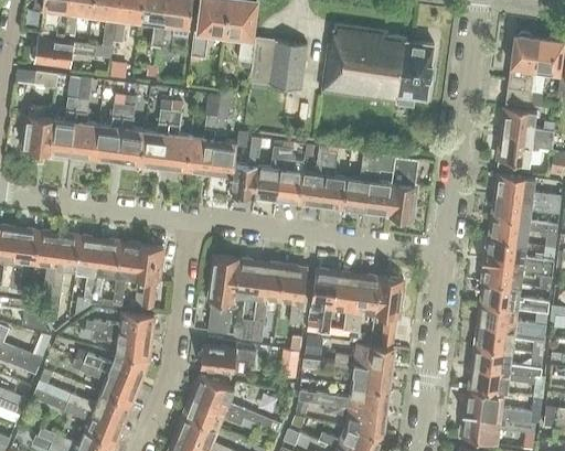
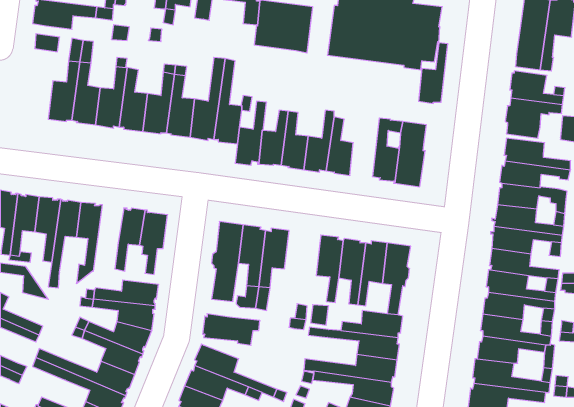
building: [20,106,52,154] -> none
building: [343,152,372,212] -> [419,43,448,103]
building: [92,238,121,304] -> none
building: [279,264,307,324] -> none

